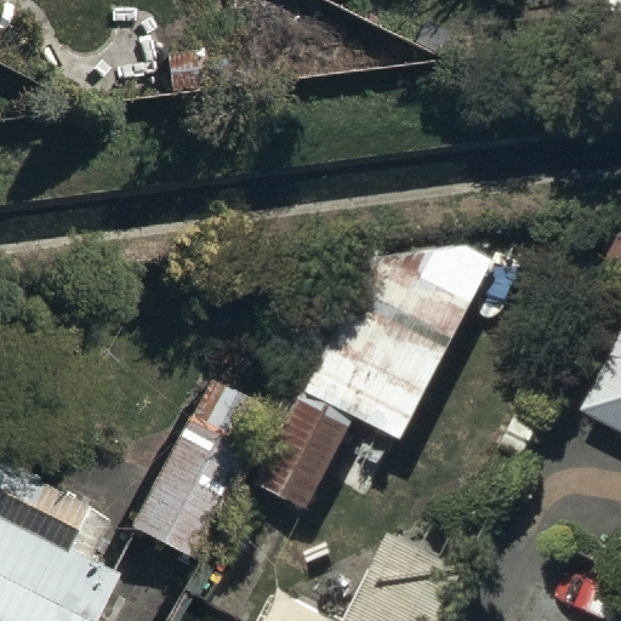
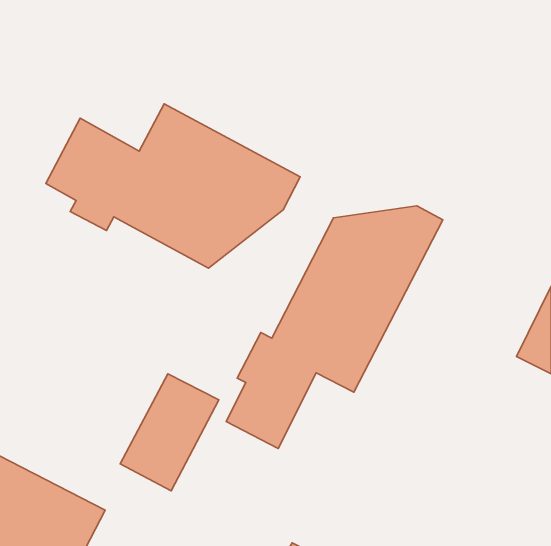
building: none -> [46,104,300,268]

